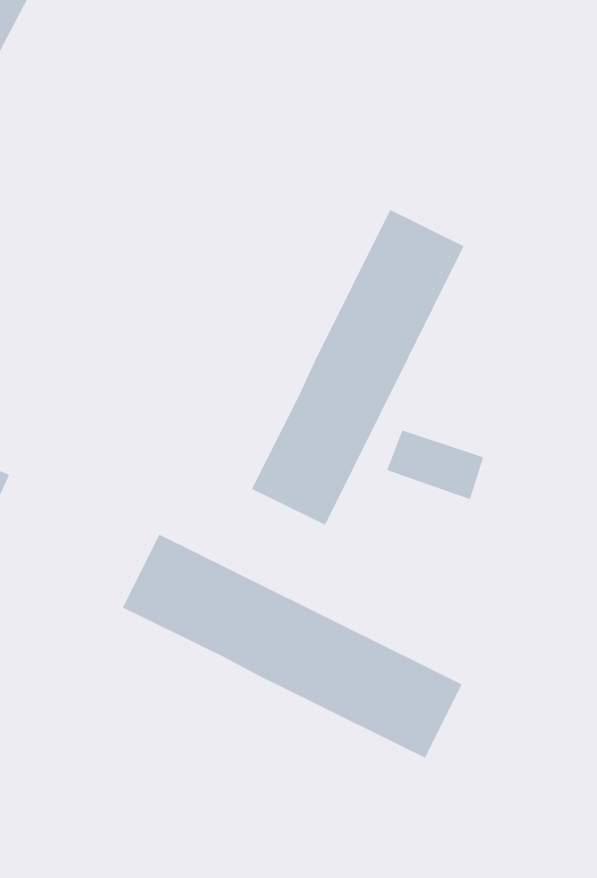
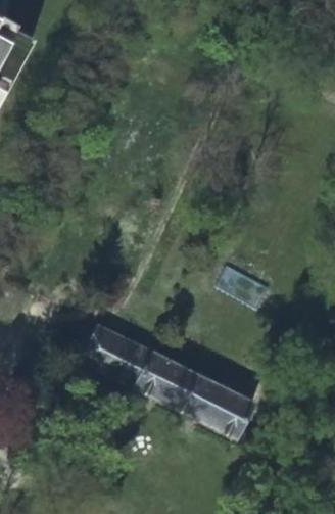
building: [251,209,464,526] -> none

